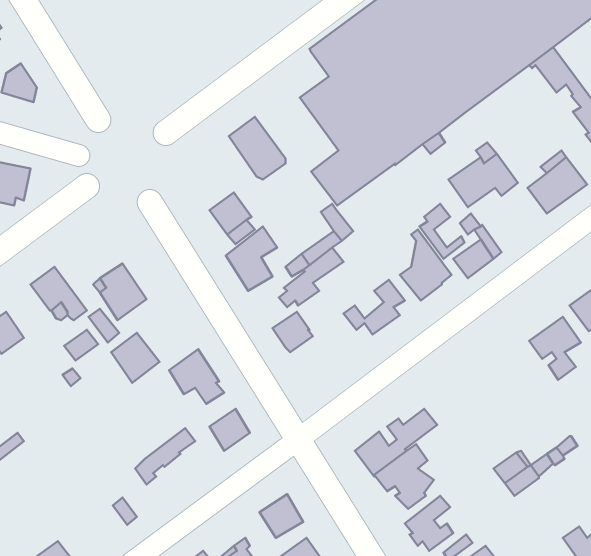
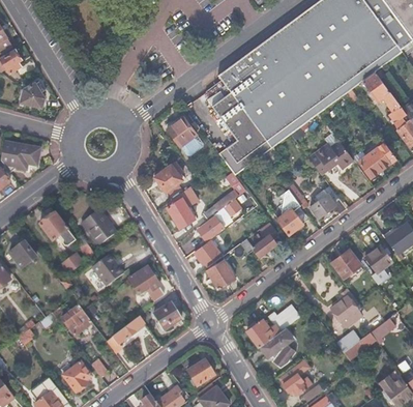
building: none -> [207,244,240,289]
building: none -> [331,249,360,278]
building: none -> [331,288,361,327]
building: none -> [61,306,92,337]
building: none -> [62,362,91,393]

